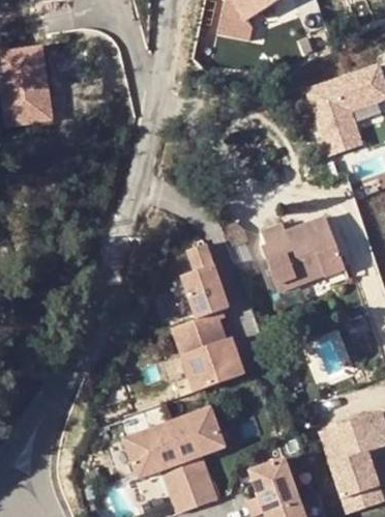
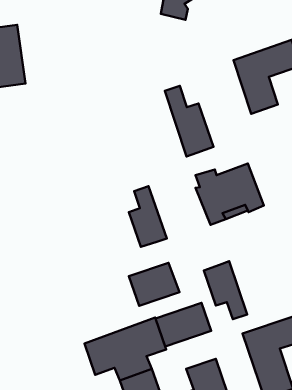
building: none -> [165,86,213,157]
building: [171,314,224,356] -> none
building: none -> [204,261,247,319]
building: none -> [155,303,211,346]

